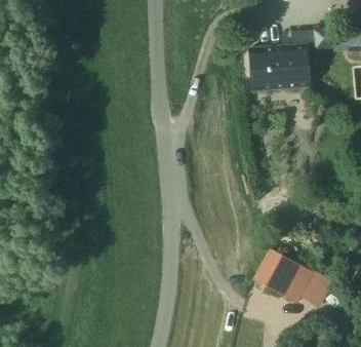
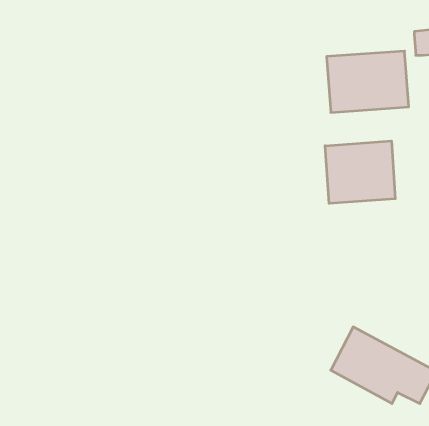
building: none -> [325,141,395,203]

